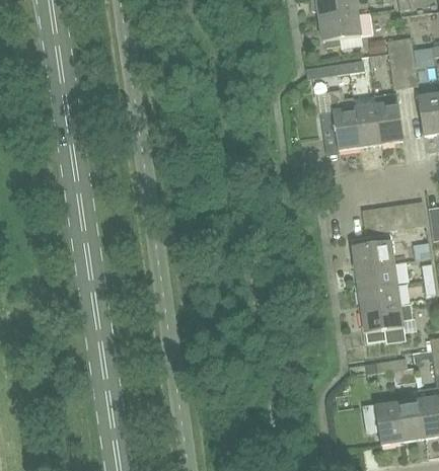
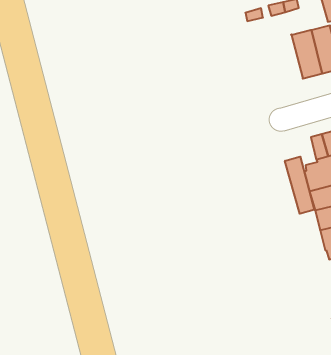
building: [320,89,361,150] -> none
building: none -> [285,157,314,214]

